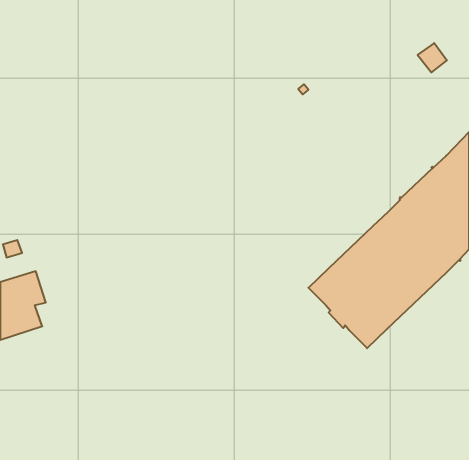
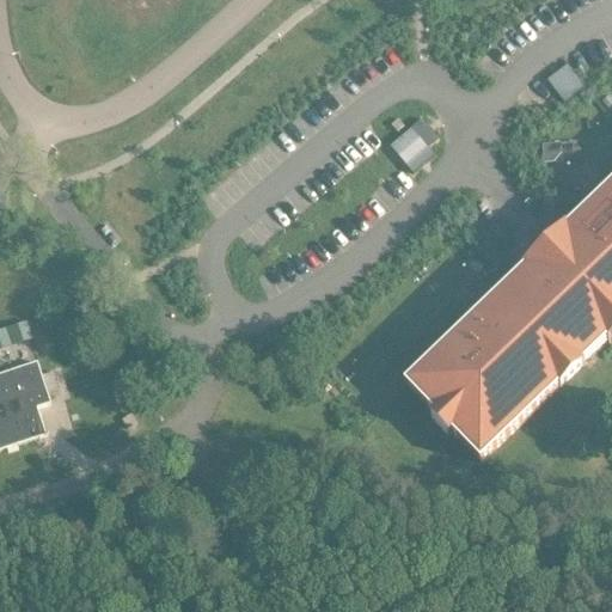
building: none -> [387,120,432,165]

